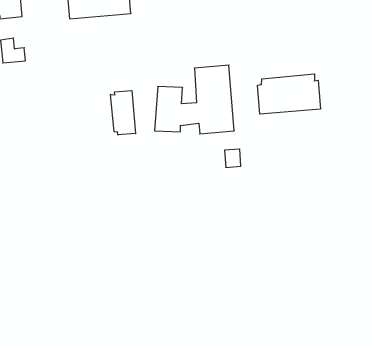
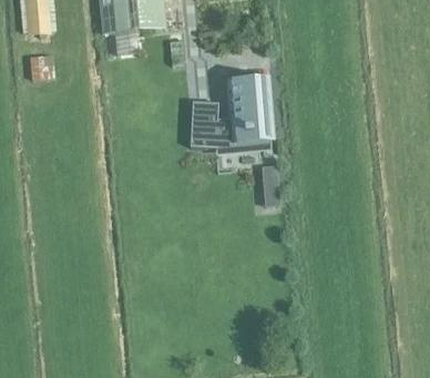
building: [258,74,320,114] -> none
building: [111,91,136,135] -> none

